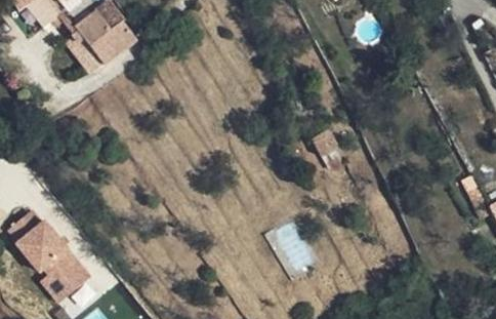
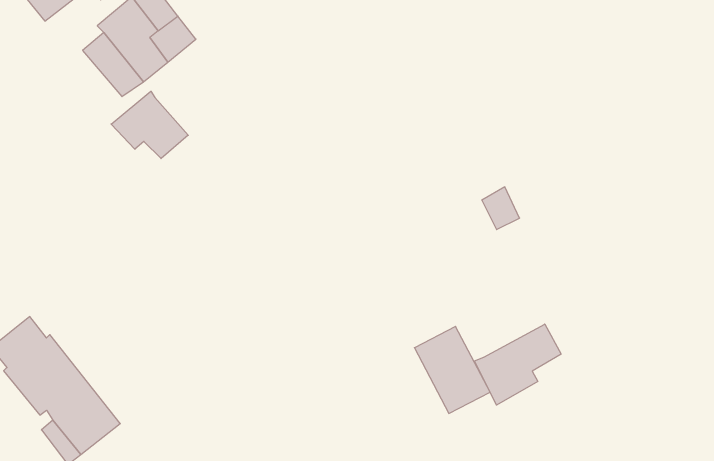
building: none -> [111,91,188,159]
building: none -> [474,324,561,405]

